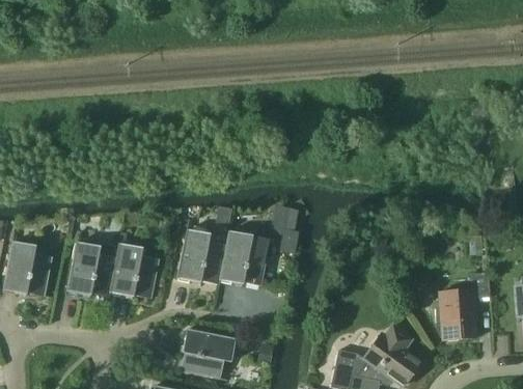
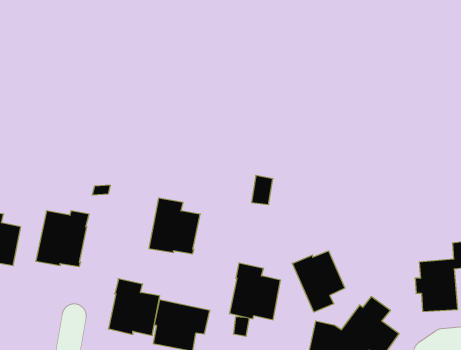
building: [220,230,270,285] -> [229,263,281,320]
building: [110,243,160,298] -> [108,279,160,335]
building: none -> [292,251,345,312]

